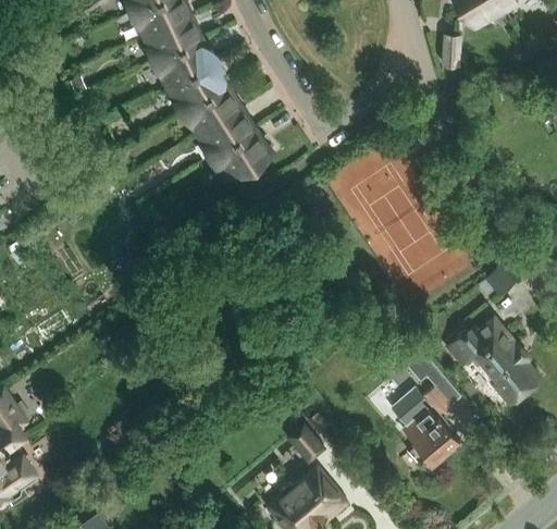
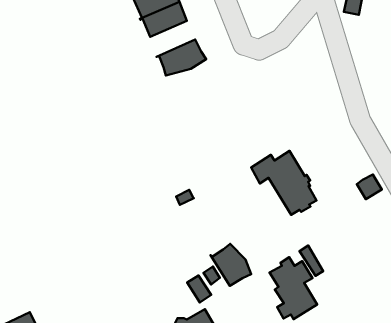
building: [197,108,255,159] -> none
building: [448,320,537,401] -> [251,151,317,215]
building: none -> [211,244,251,286]

